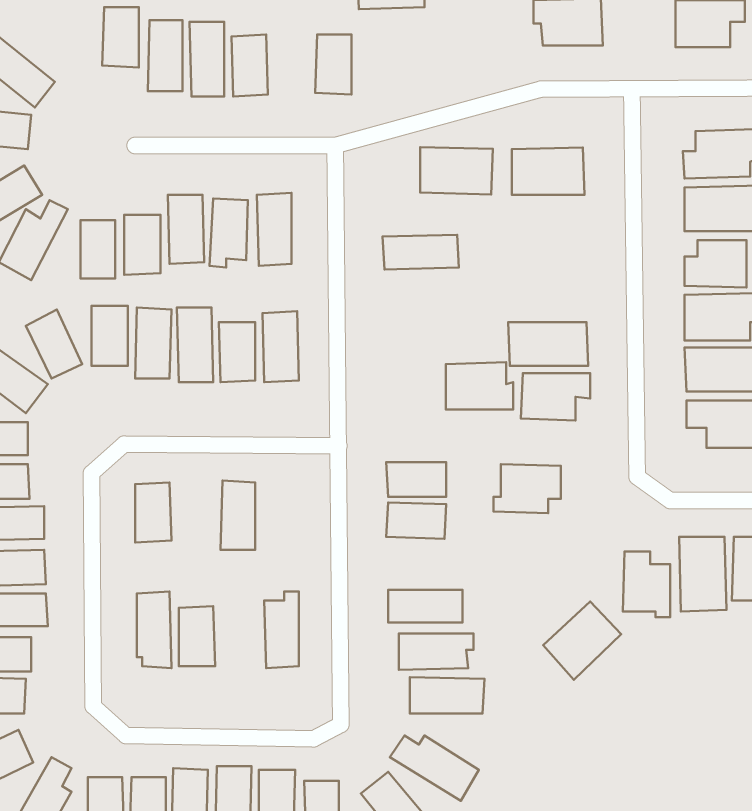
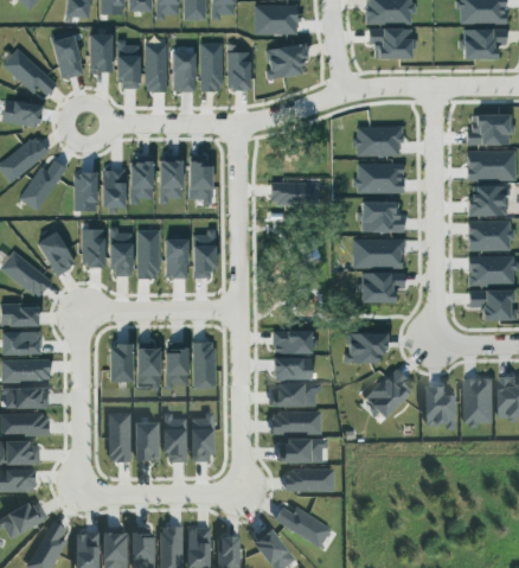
building: none -> [52,36,83,78]
building: none -> [200,42,223,90]
building: none -> [265,43,308,78]
building: [420,147,493,194] -> [357,162,404,193]
building: [446,362,513,410] -> [360,200,404,231]
building: none -> [192,342,216,390]
building: none -> [136,345,160,387]
building: none -> [274,384,319,408]
building: none -> [166,415,188,464]
building: [543,602,621,680] -> [365,370,416,421]

